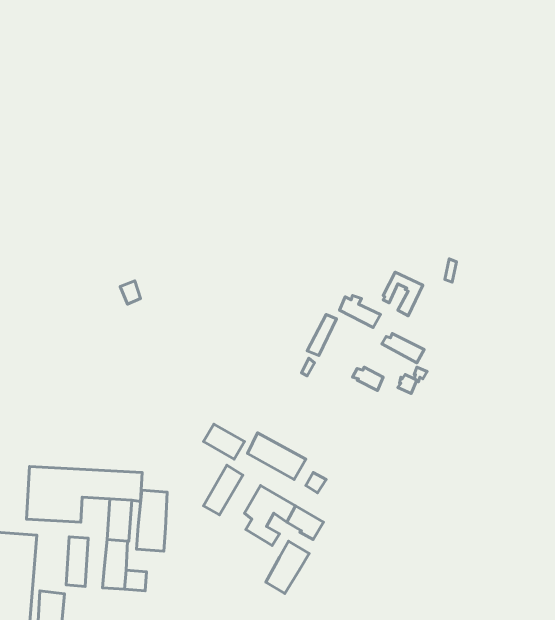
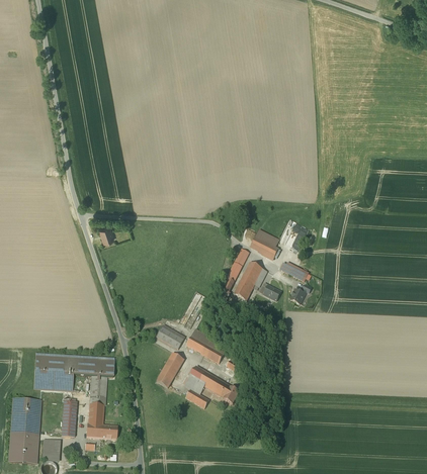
building: none -> [233,262,266,300]
building: [137,490,167,551] -> none
building: [266,541,309,593] -> none

